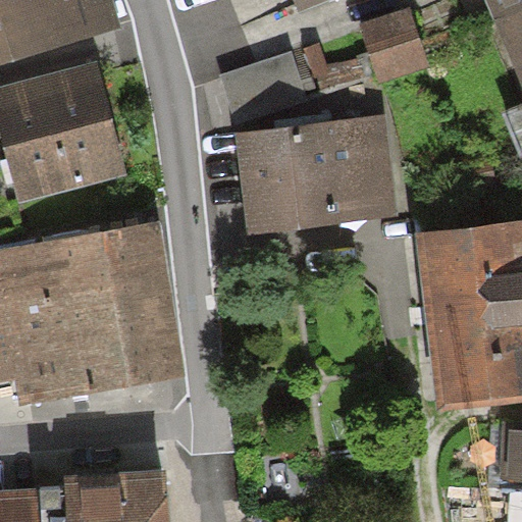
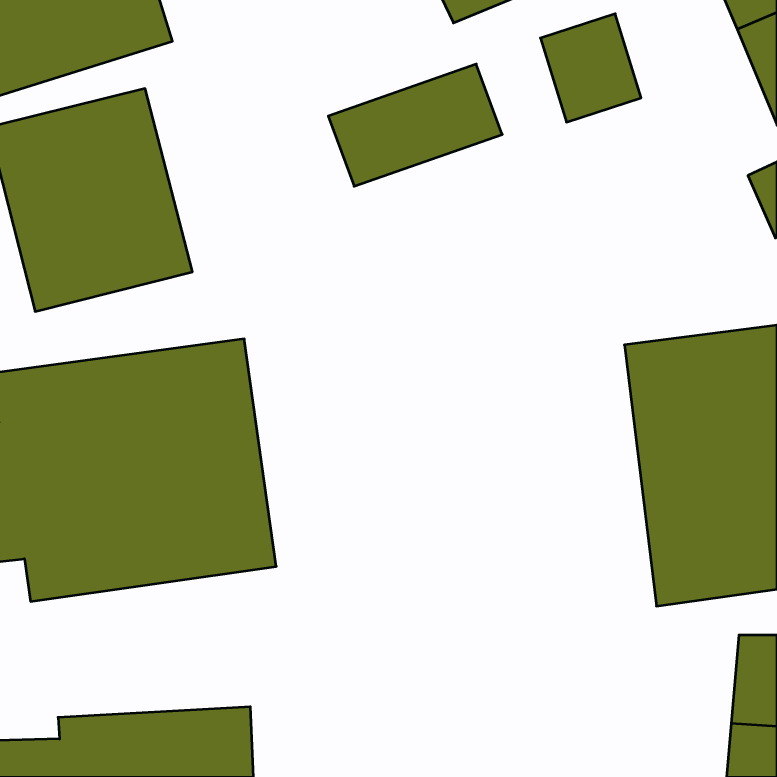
building: [236,120,396,236] -> none

